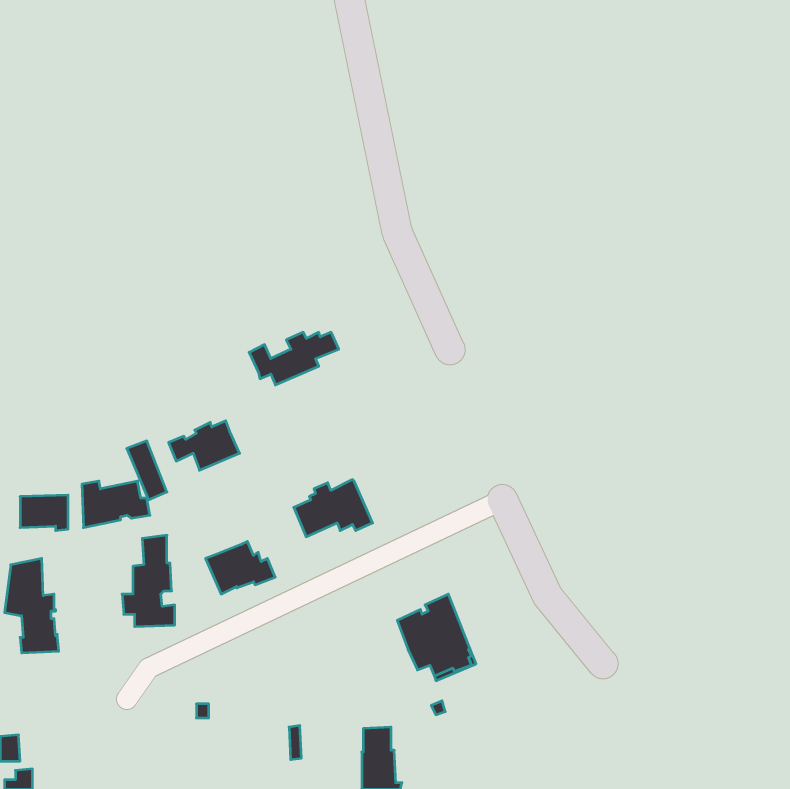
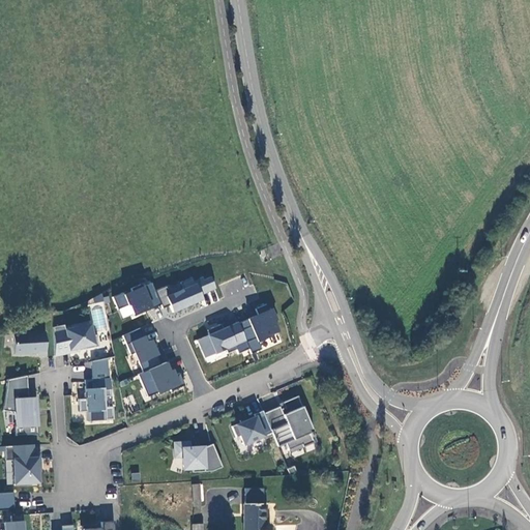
building: [249,332,339,385] -> [154,276,214,312]
building: none -> [237,303,277,355]
building: none -> [123,328,161,372]
building: none -> [233,412,273,446]
building: none -> [175,440,223,470]
building: none -> [4,444,40,483]

